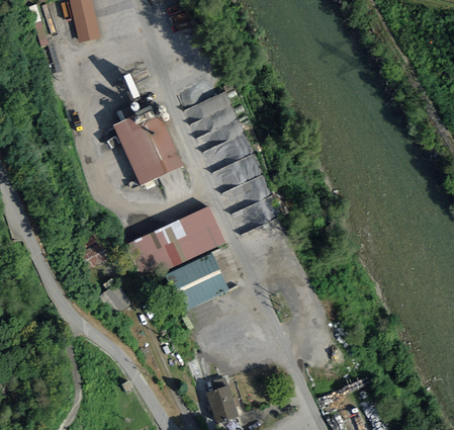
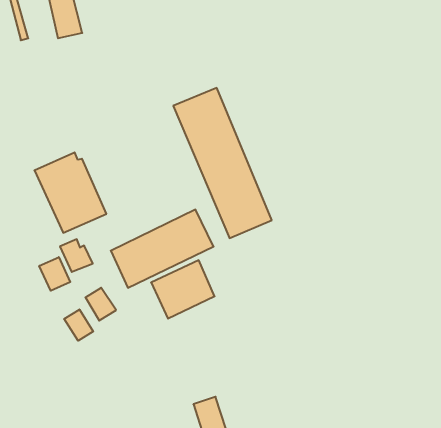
building: [112,108,181,185] -> [34,152,106,233]
building: none -> [39,257,70,291]
building: none -> [64,309,93,341]

